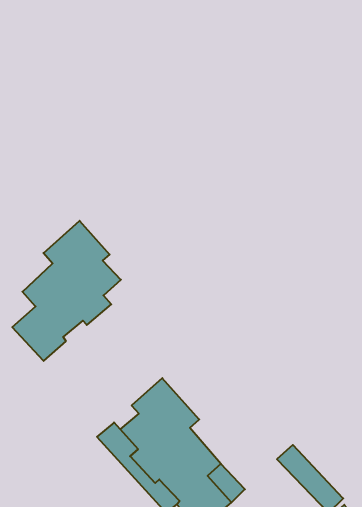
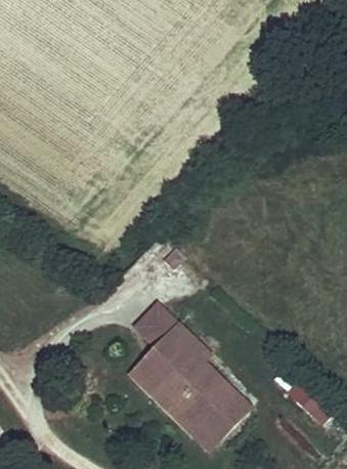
building: [12,221,121,361] -> none
building: none -> [135,302,179,346]

